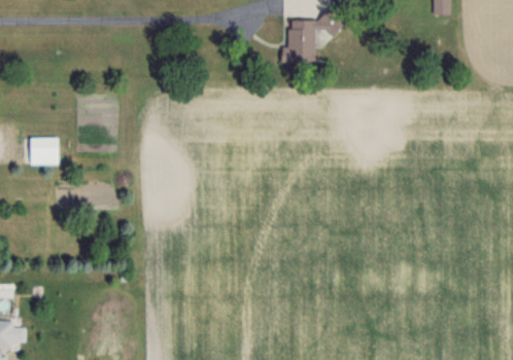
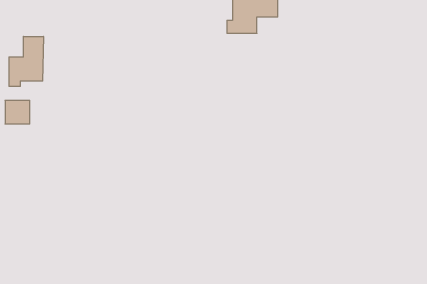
building: none -> [9,36,43,86]

